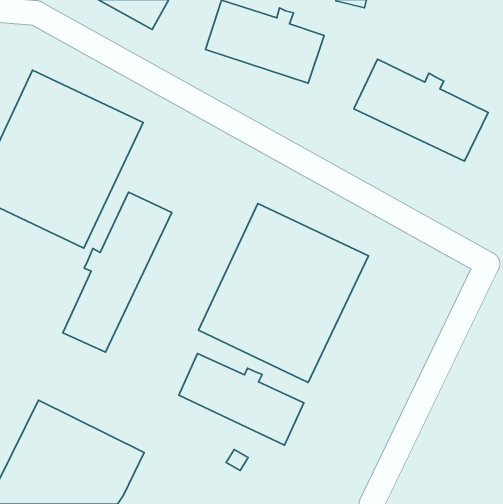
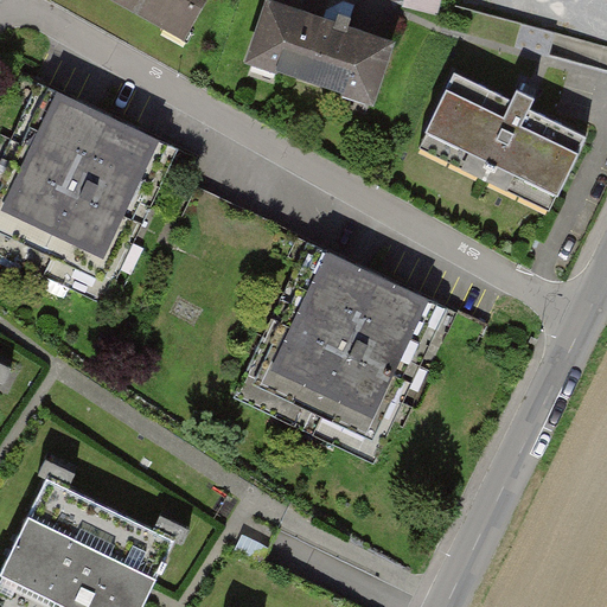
building: [63,192,172,352] -> none
building: [179,353,304,445] -> none

